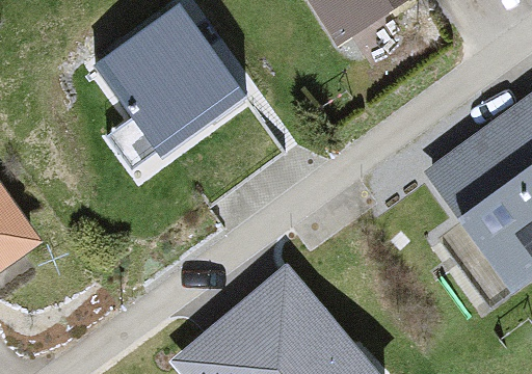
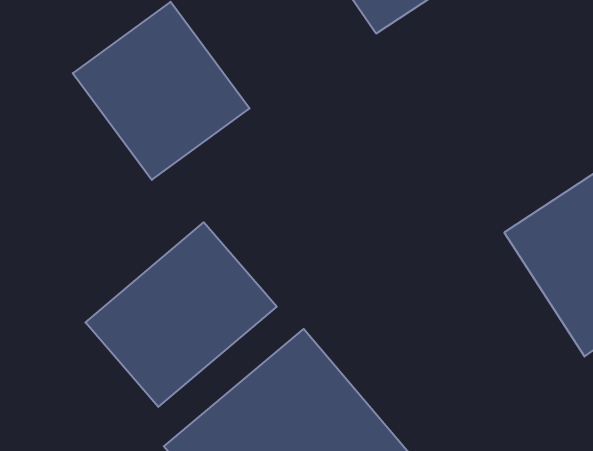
building: none -> [85,222,277,407]

